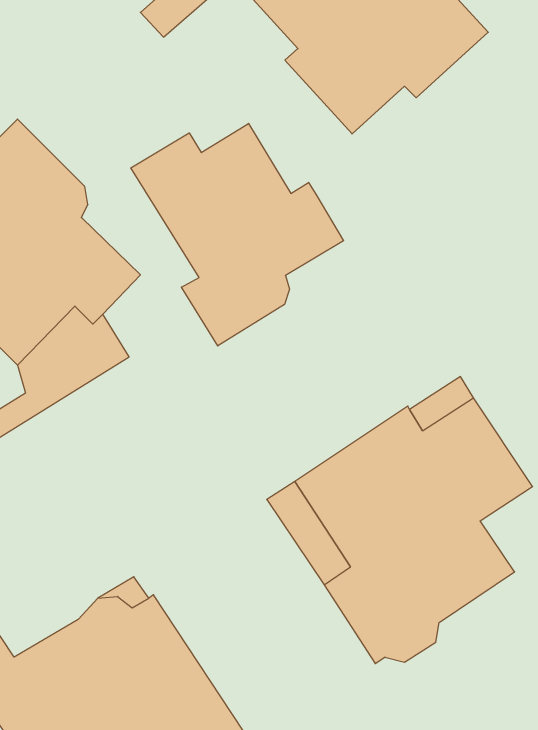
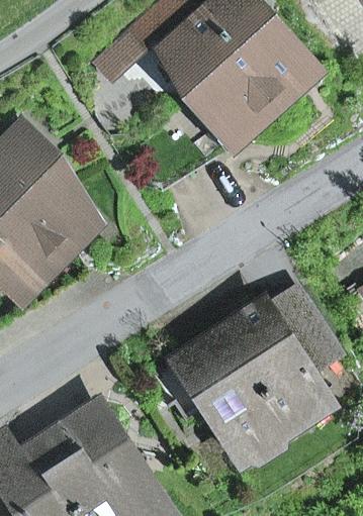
building: [131,123,344,346] -> none

